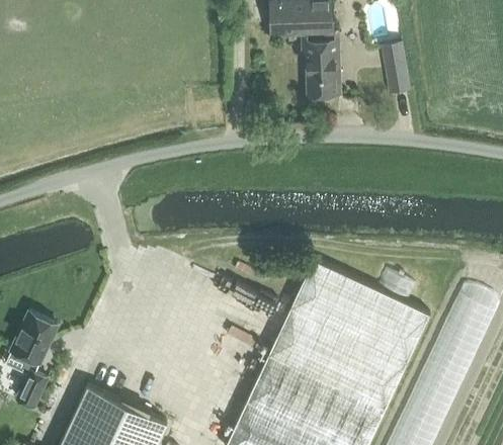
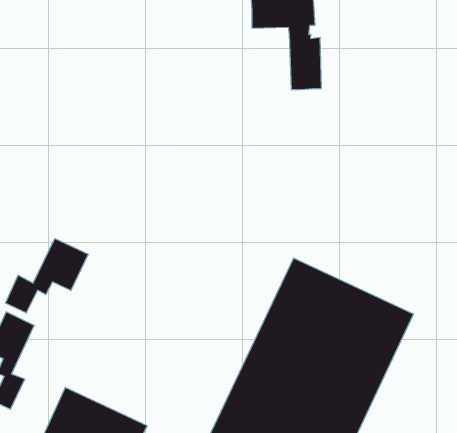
building: [382,45,408,94] -> none
building: none -> [5,239,88,313]

